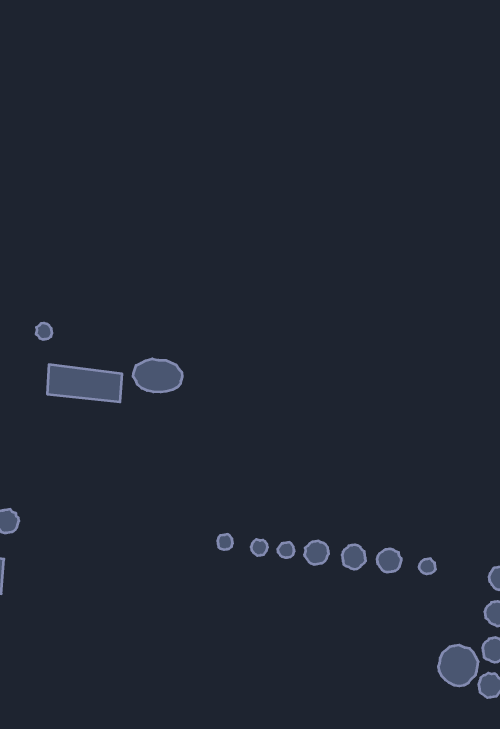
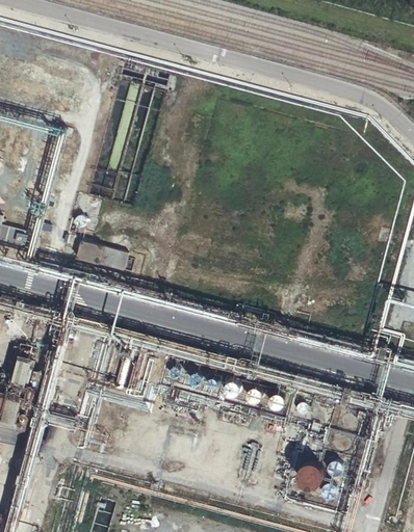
building: [133,359,182,392] -> none

